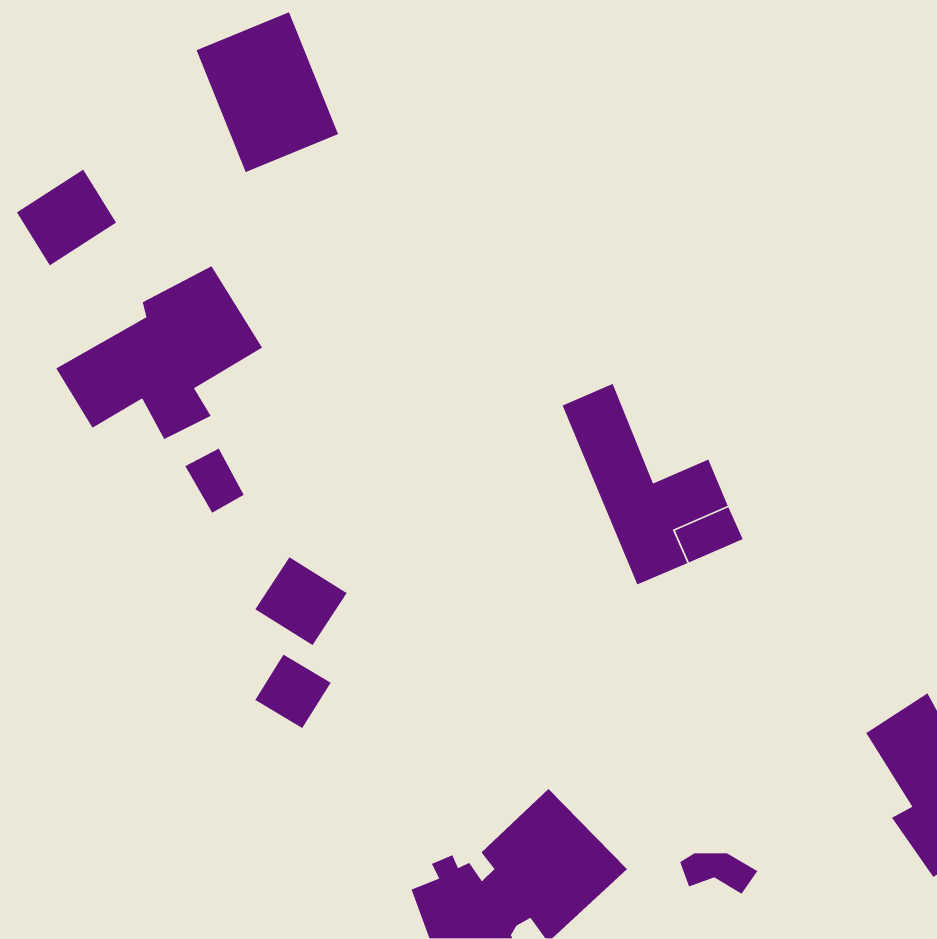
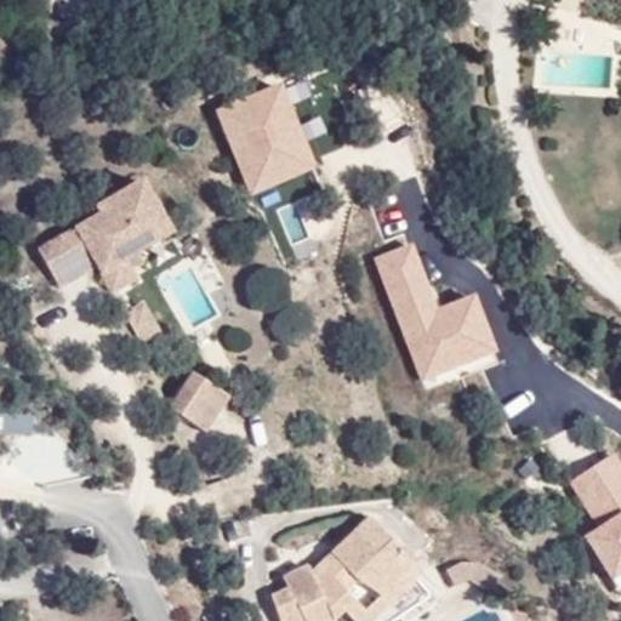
building: [196,11,339,173] -> [221,86,315,193]
building: [16,169,117,267] -> none
building: [254,653,332,729] -> none

